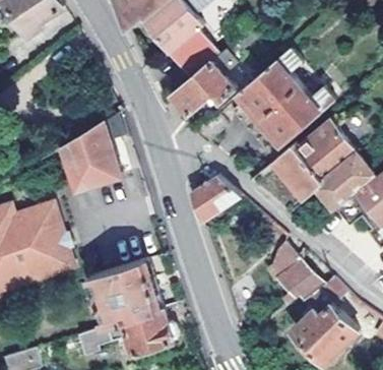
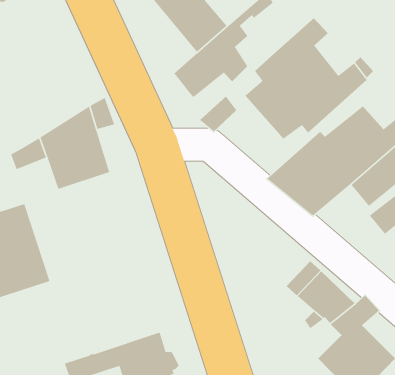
building: [192,176,241,224] -> none
building: [88,260,162,326] -> none

